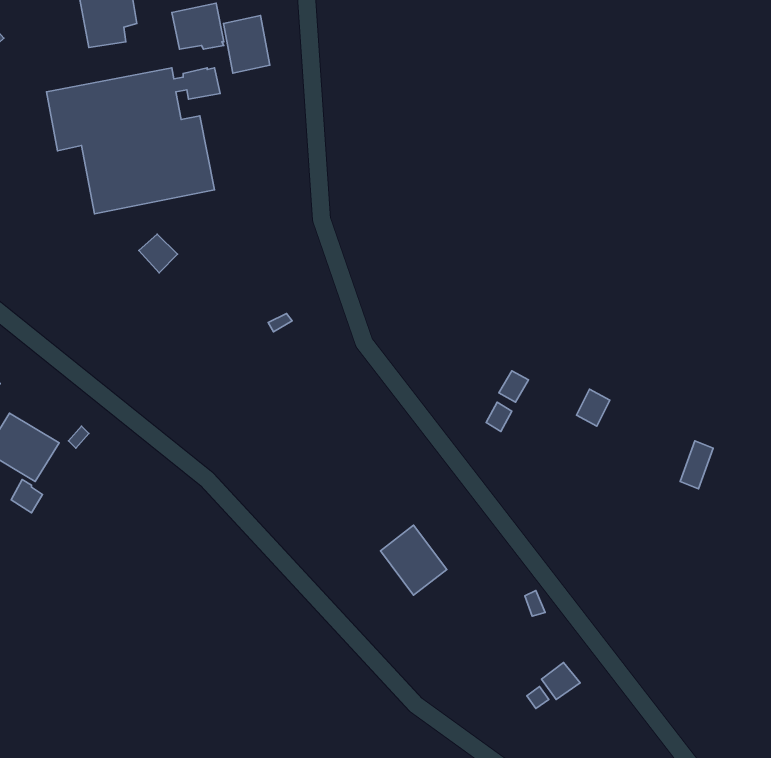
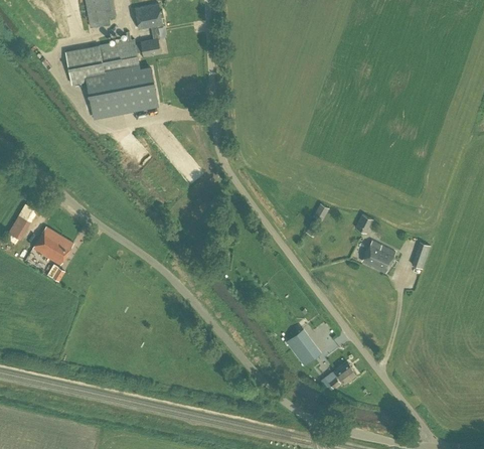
building: [224,16,270,73] -> none
building: none -> [361,241,394,272]
building: [380,525,447,595] -> [285,327,321,365]

